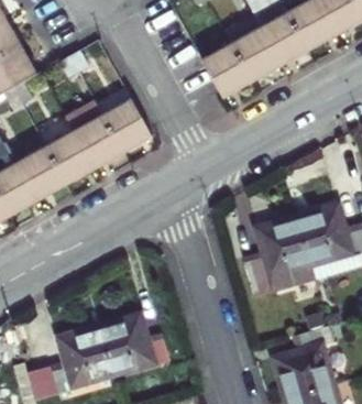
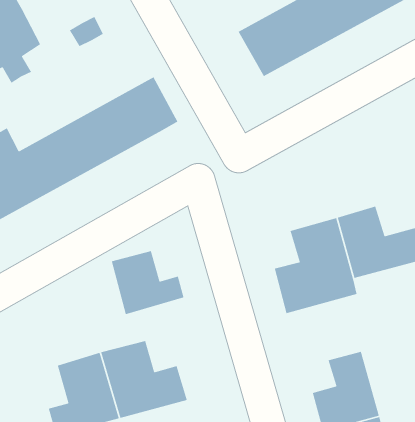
building: none -> [111,250,185,315]

